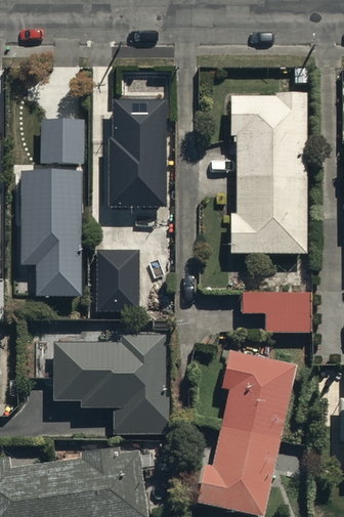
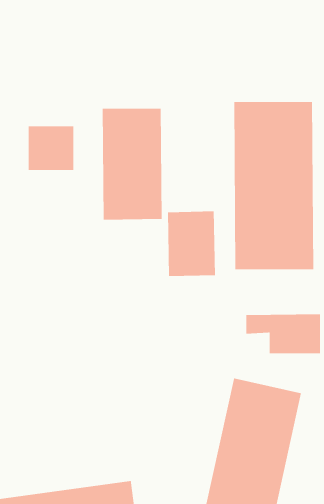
building: [20,171,83,294] -> none
building: [95,250,140,311] -> [167,211,216,277]
building: [53,338,167,432] -> none

